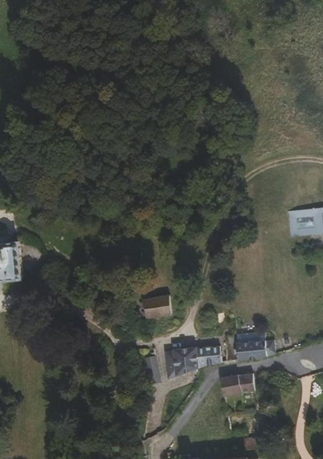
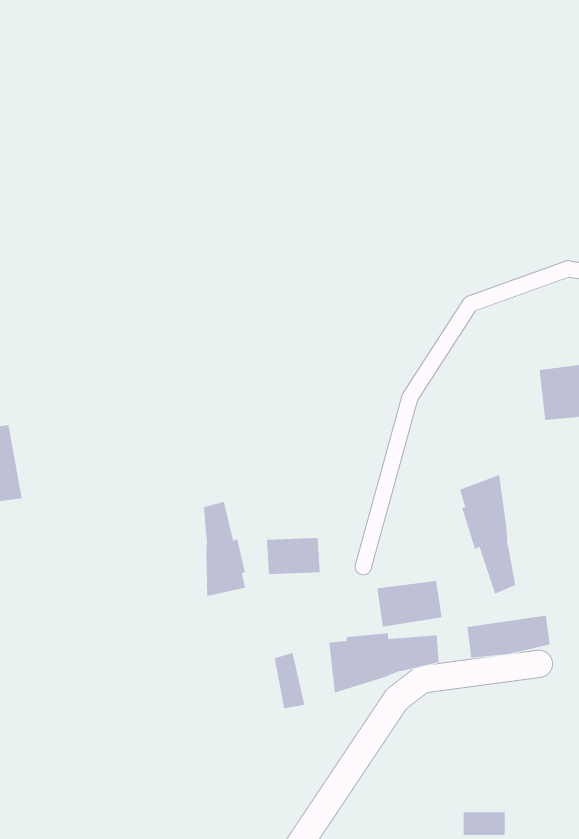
building: none -> [459,474,516,595]
building: none -> [204,501,246,597]
building: [219,374,253,398] -> [376,580,443,627]

